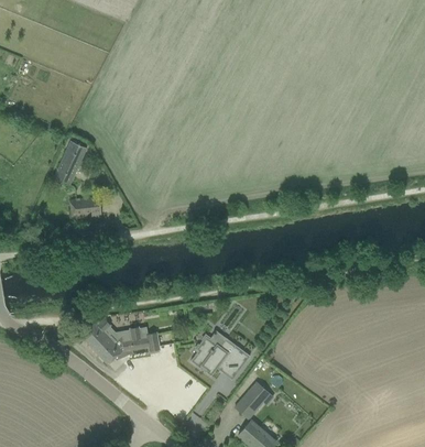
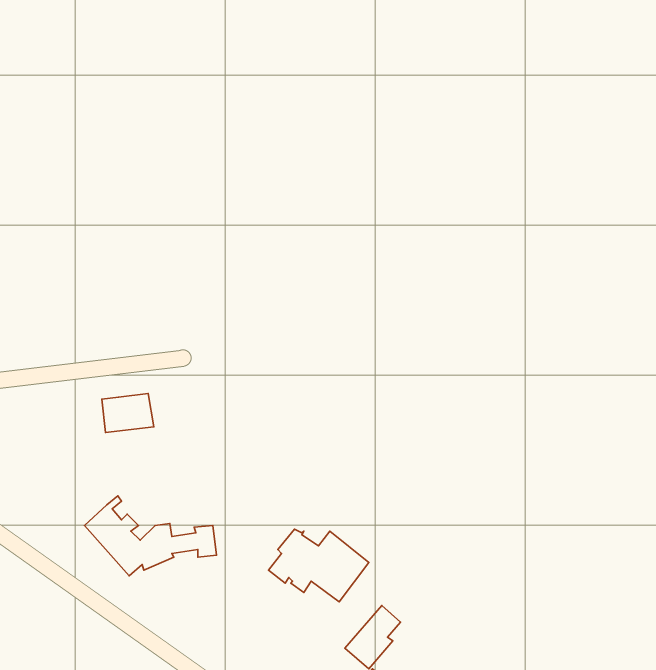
building: [53,140,86,185] -> none
building: [69,197,100,220] -> [102,393,154,433]

